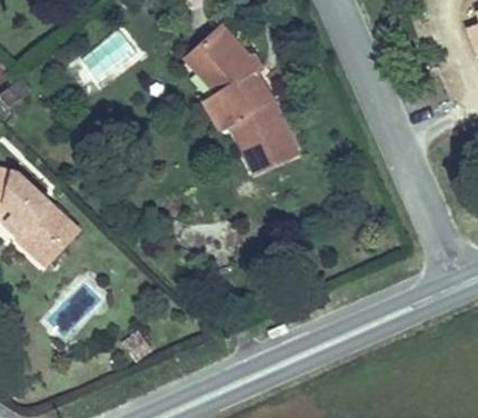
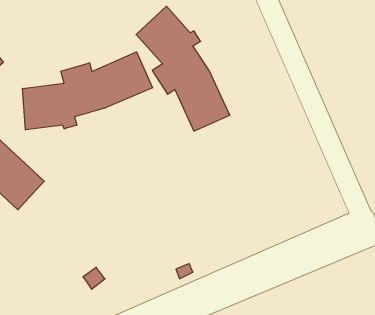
building: none -> [23,52,153,130]

